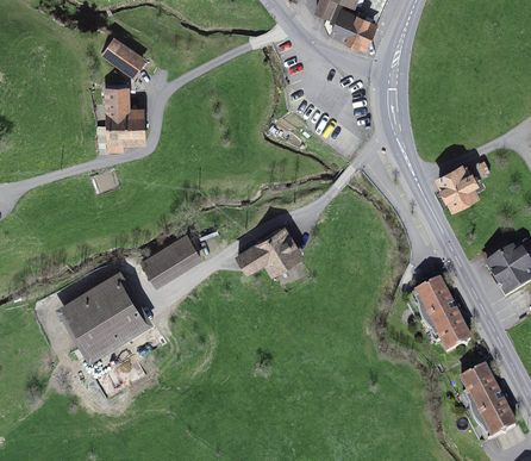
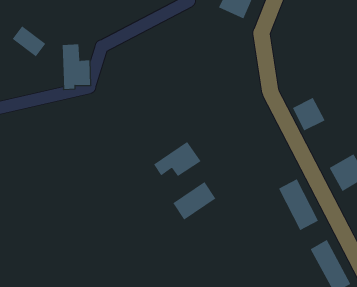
building: [100,36,149,81] -> [12,26,46,57]
building: [139,235,201,289] -> none
building: [58,275,150,362] -> none
building: none -> [172,181,216,220]

